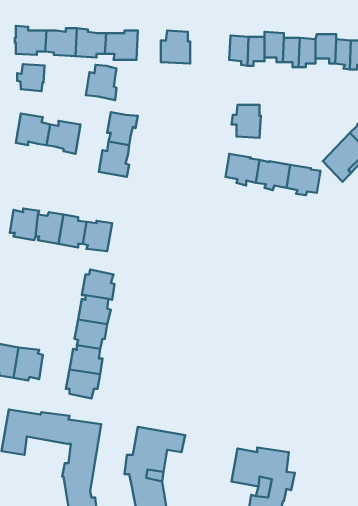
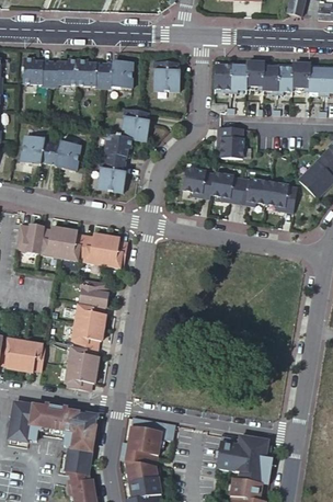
building: [17,64,44,91] -> none
building: [86,65,116,100] -> [120,109,148,140]
building: none -> [182,166,214,194]
building: none -> [104,233,128,262]

